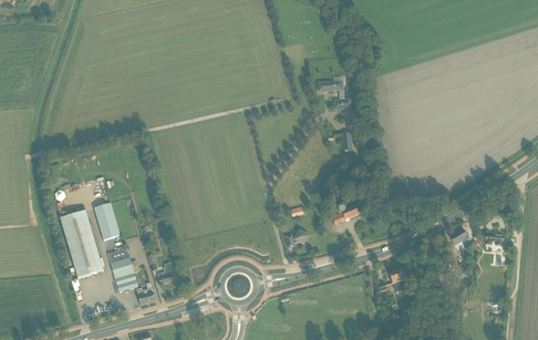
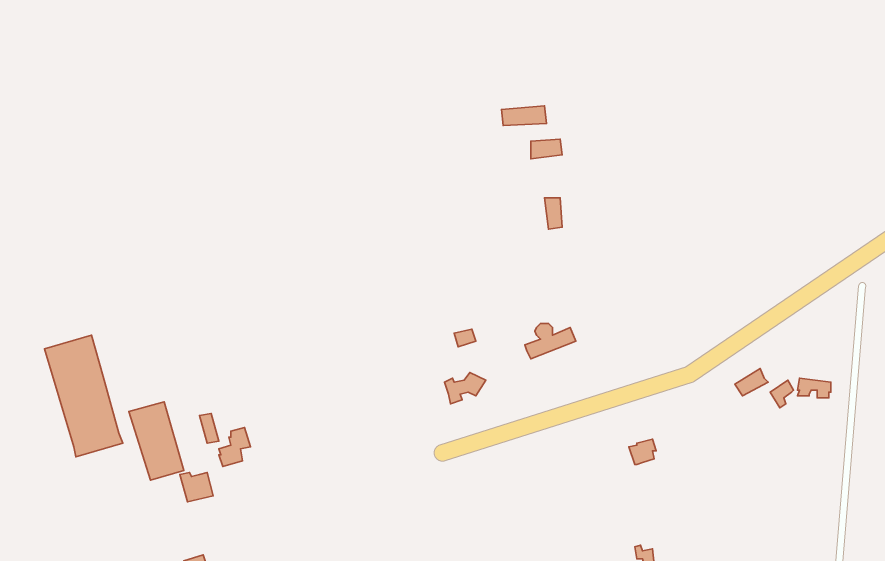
building: [93,203,120,239] -> none

